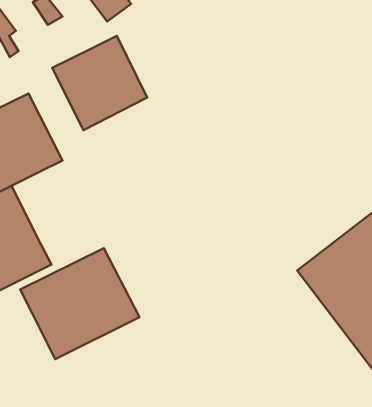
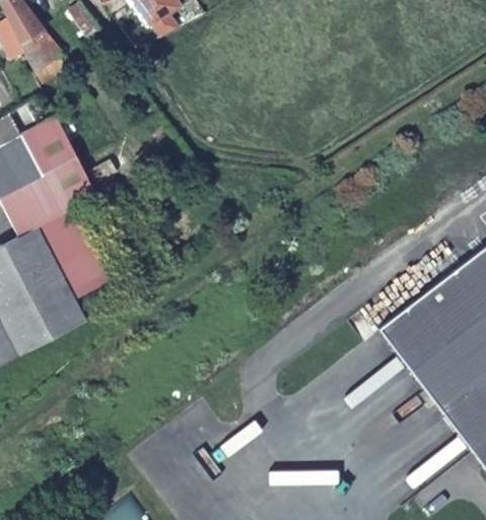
building: [52,36,147,130] -> none
building: none -> [38,210,106,298]
building: [20,248,139,359] -> none

